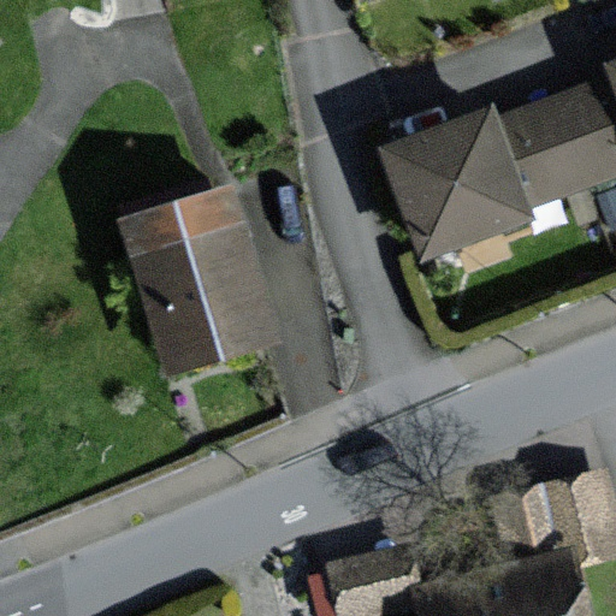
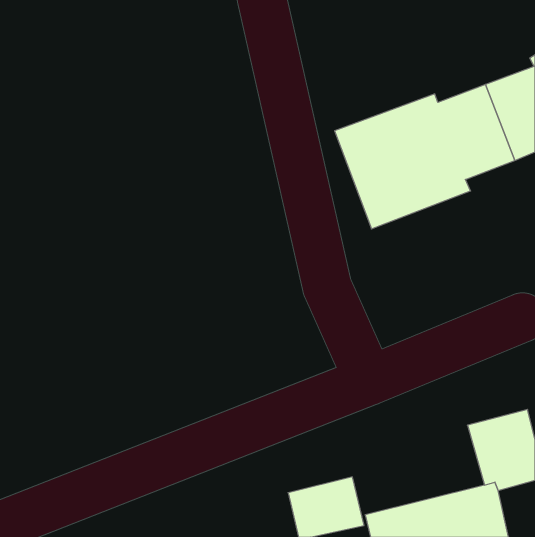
building: [118,186,276,375] -> none

